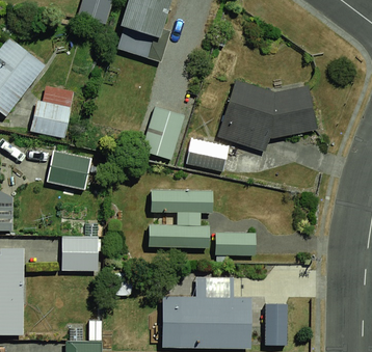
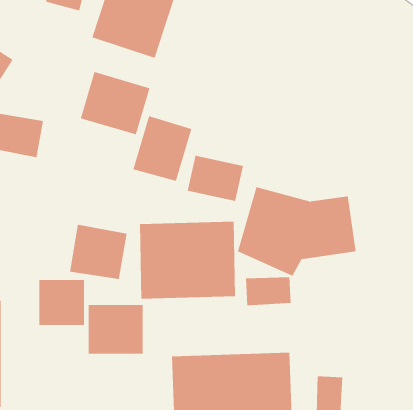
building: none -> [80,71,150,135]
building: [215,80,309,151] -> [237,187,356,277]
building: [39,146,85,190] -> [69,224,128,280]
building: none -> [88,304,143,355]

